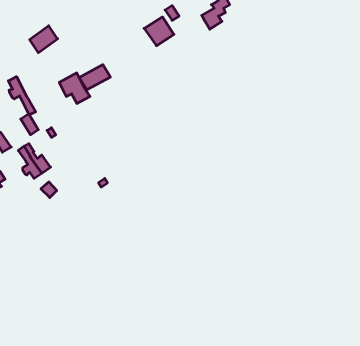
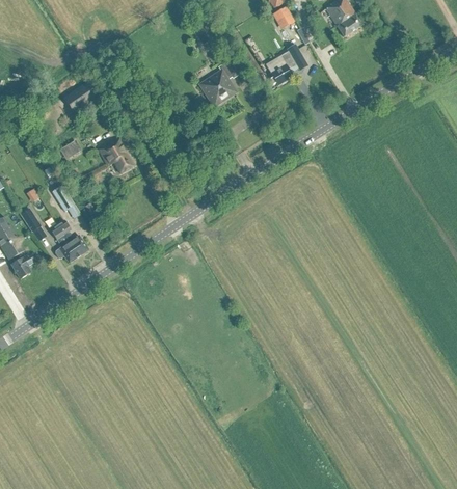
building: [79,65,110,90] -> none
building: [8,77,36,115] -> none

